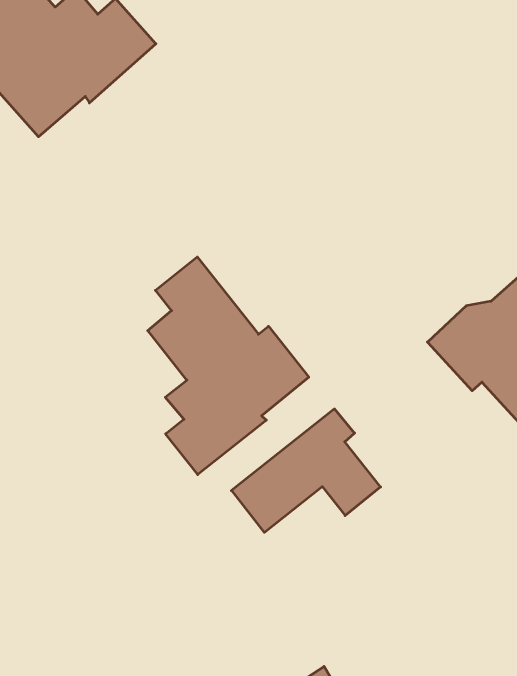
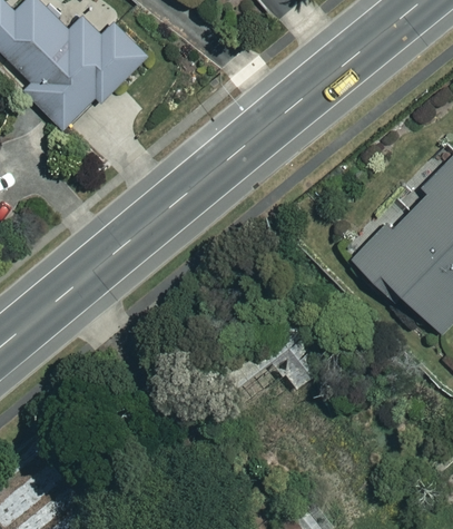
building: [148,257,309,475] -> none

